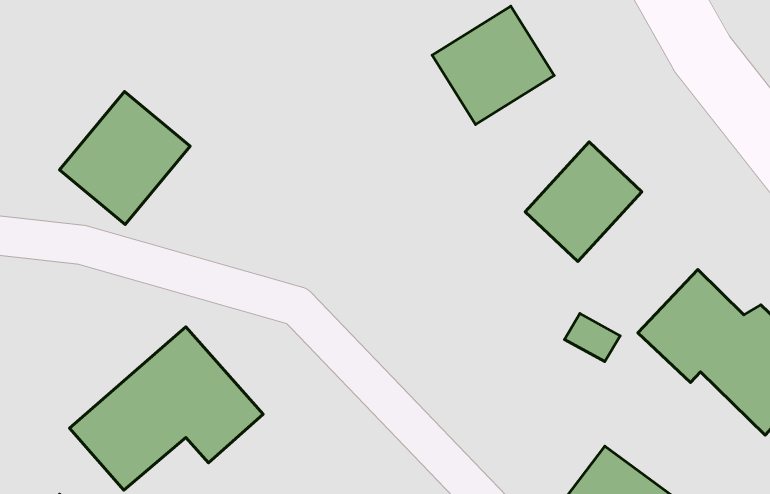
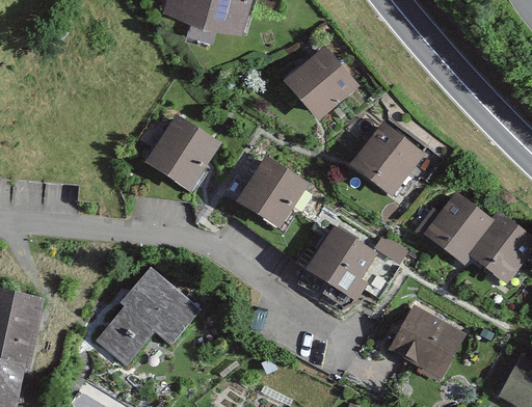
building: [59,91,190,225] -> [145,113,222,193]
building: none -> [235,156,310,232]
building: none -> [303,223,377,304]

